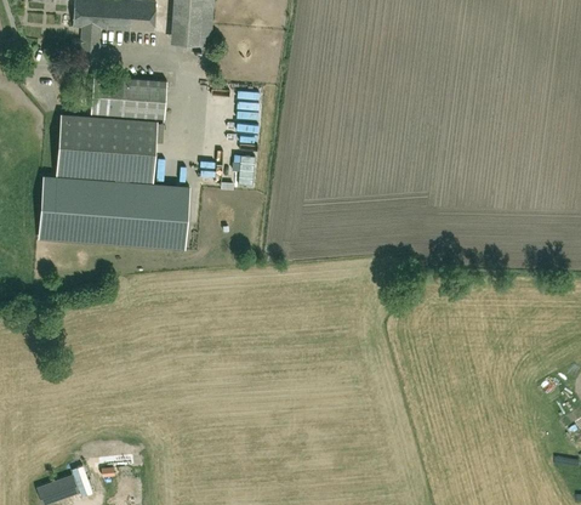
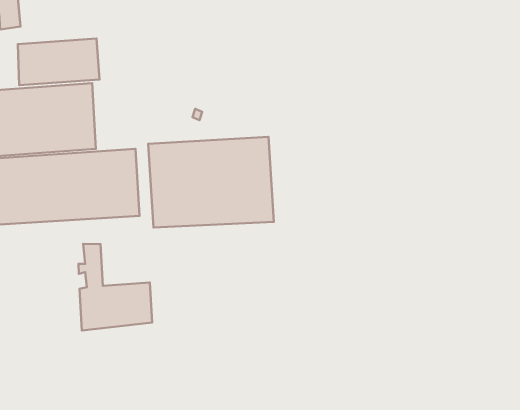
building: none -> [148,137,274,227]
building: none -> [79,244,152,331]

